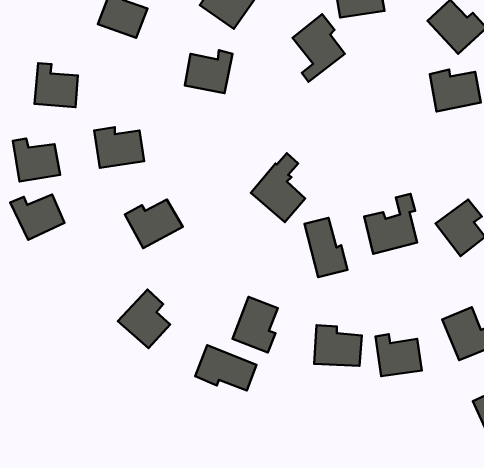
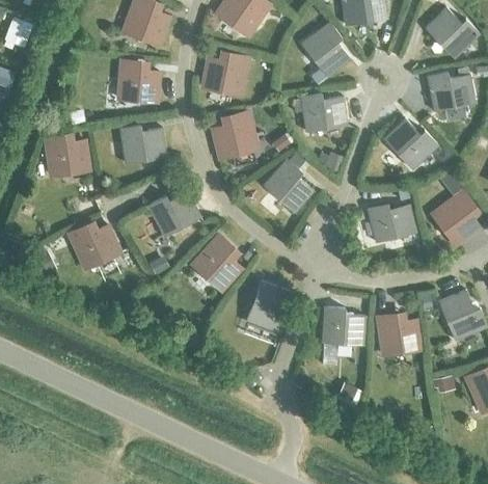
building: [35,63,78,107] -> [118,61,158,102]
building: none -> [300,95,346,132]
building: none -> [213,112,255,158]
building: none -> [383,119,437,169]
building: [10,195,65,240] -> [69,226,118,268]
building: [305,218,347,277] -> none
building: [118,289,170,348] -> [192,236,240,290]
building: [195,345,257,390] -> none

